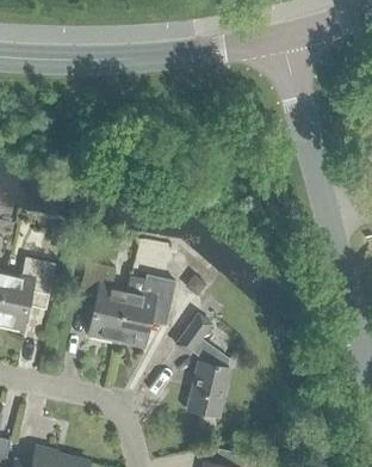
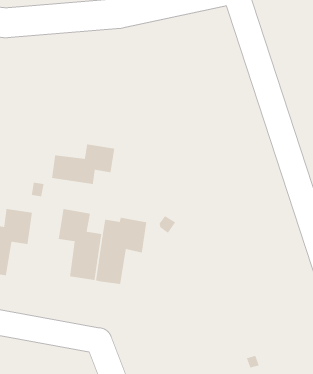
building: none -> [51,144,115,185]
building: [175,314,229,417] -> none

